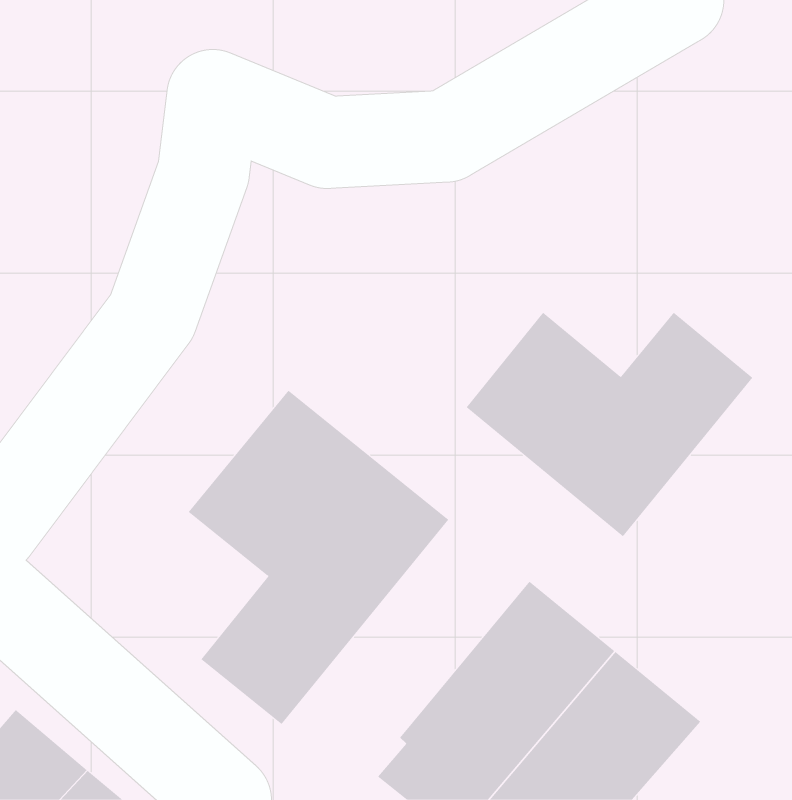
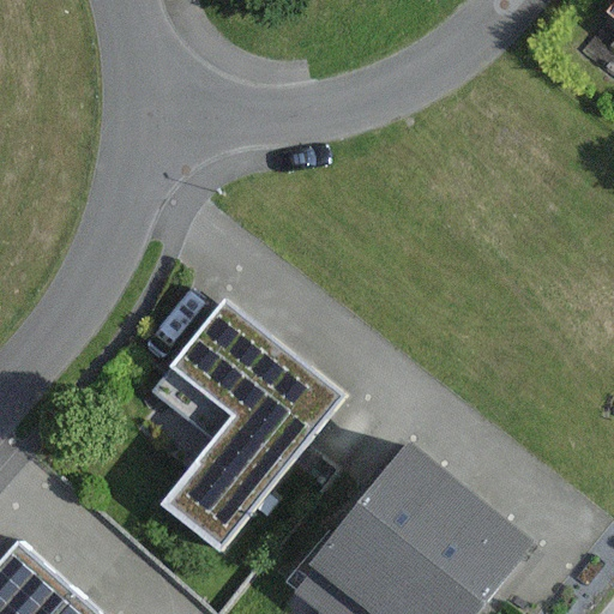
building: [466,312,753,537] -> none

